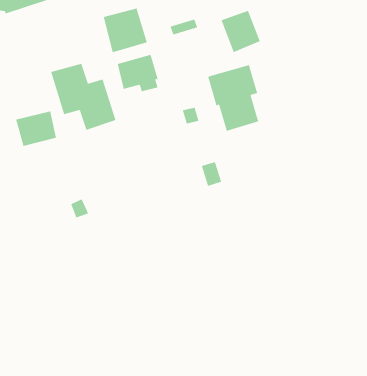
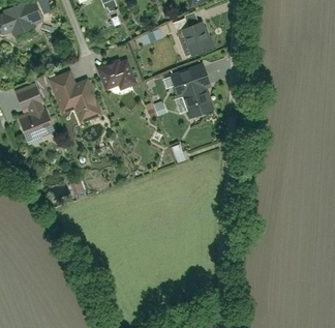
building: [103,7,148,53] -> none
building: none -> [16,85,43,111]

